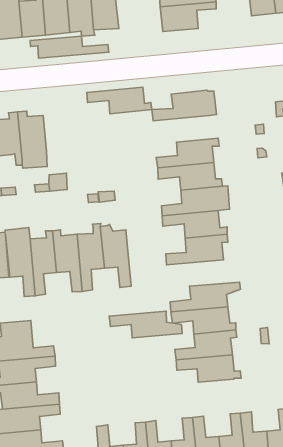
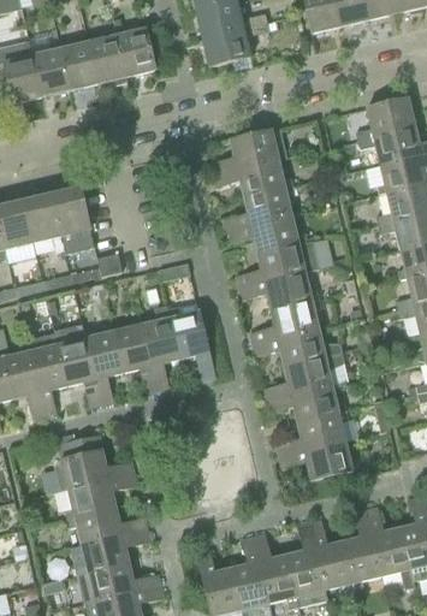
building: [30,36,109,58] -> none
building: [87,87,152,114] -> [212,159,292,196]
building: [109,311,182,338] -> [251,328,342,366]

